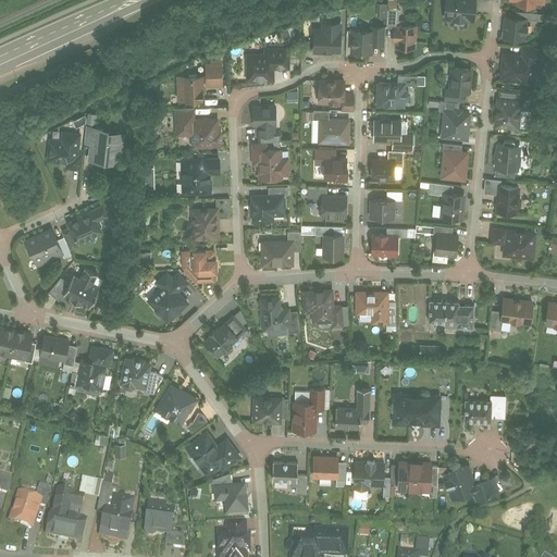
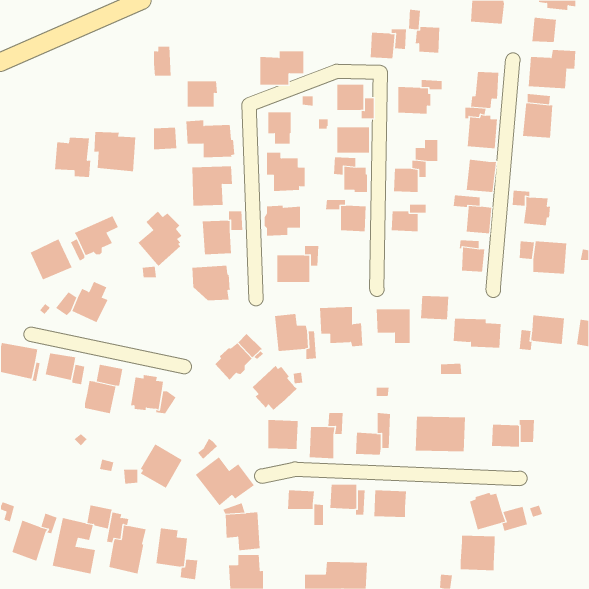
building: [312,24,341,55] -> none
building: [205,60,222,88] -> [153,46,171,76]
building: [373,119,400,143] -> none
building: none -> [154,127,177,150]
building: [494,144,519,170] -> none
building: [371,234,398,257] -> [420,296,449,320]
building: [321,235,343,259] -> none
building: [147,271,189,324] -> [138,211,182,267]
building: none -> [252,365,298,411]
building: [154,384,195,426] -> [140,444,182,489]
building: [397,460,431,494] -> [460,535,496,571]

